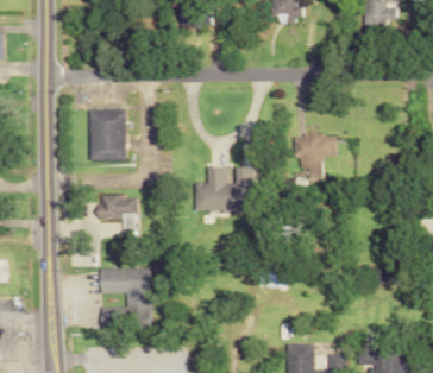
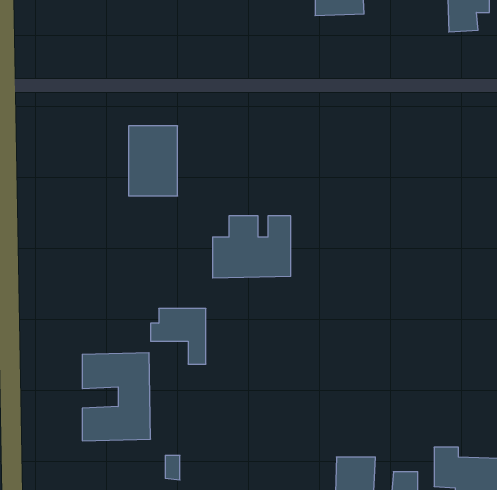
building: [92,109,127,160] -> [129,126,178,196]
building: [302,133,337,179] -> none
building: [96,196,137,236] -> [151,309,206,364]

